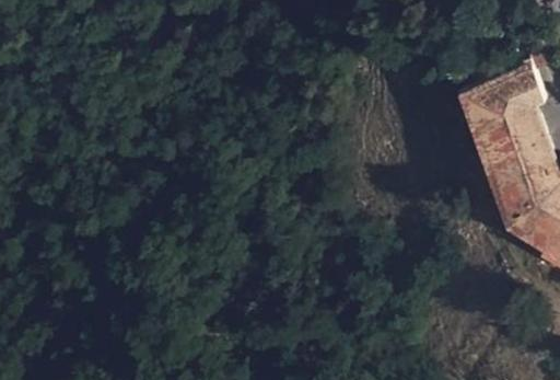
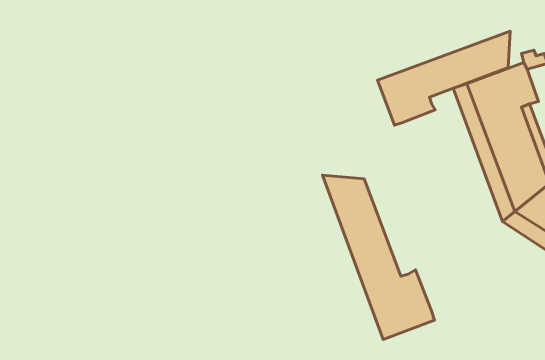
building: none -> [378,31,510,125]
building: none -> [323,175,434,339]

